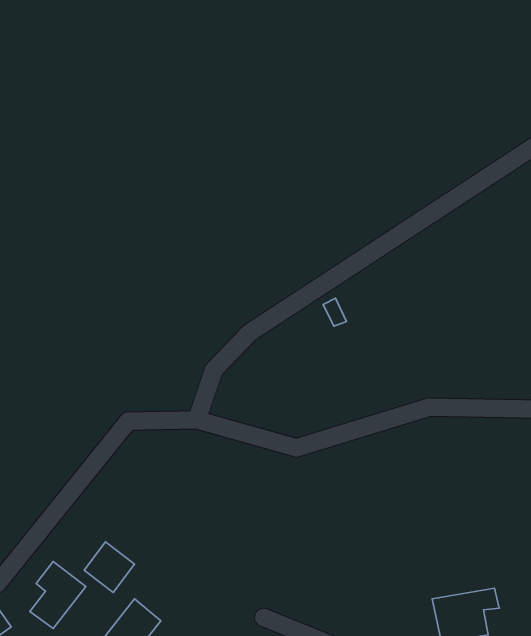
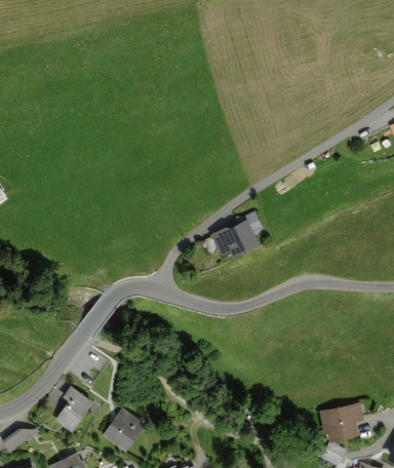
building: none -> [213,221,254,255]
building: [84,542,134,593] -> none

